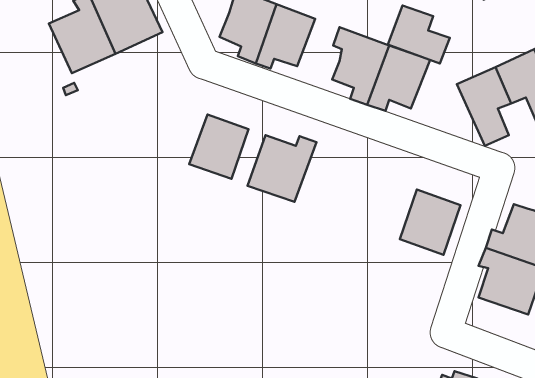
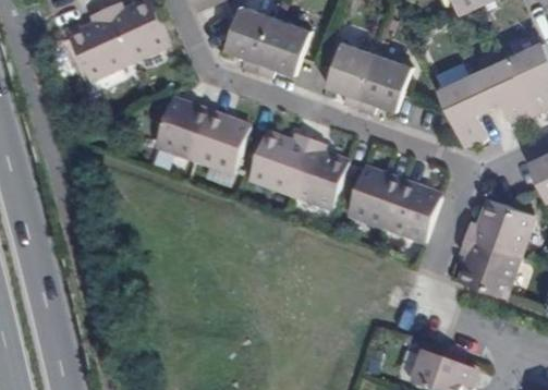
building: [388,5,450,64] -> none
building: none -> [156,102,211,161]
building: none -> [290,142,346,210]
building: none -> [346,171,400,229]

